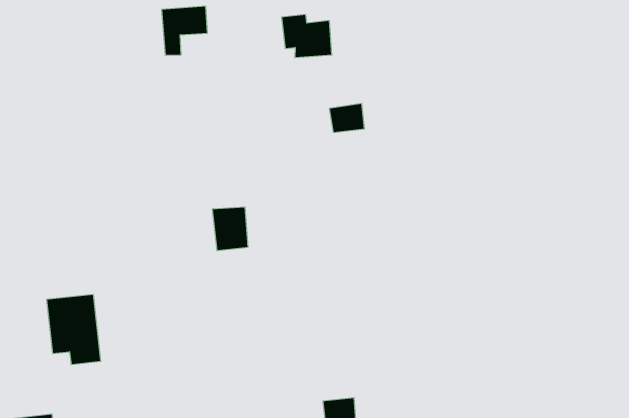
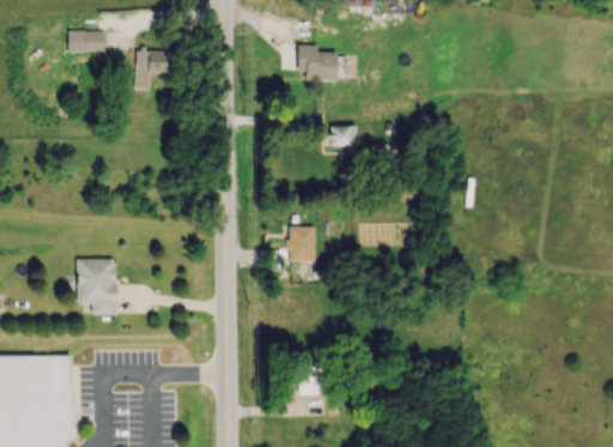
building: [162,6,207,55] -> [135,50,174,90]
building: none -> [68,31,105,52]
building: [212,207,248,251] -> [287,226,315,261]

